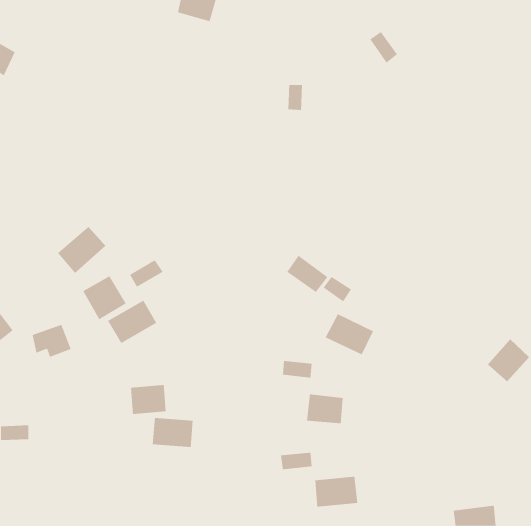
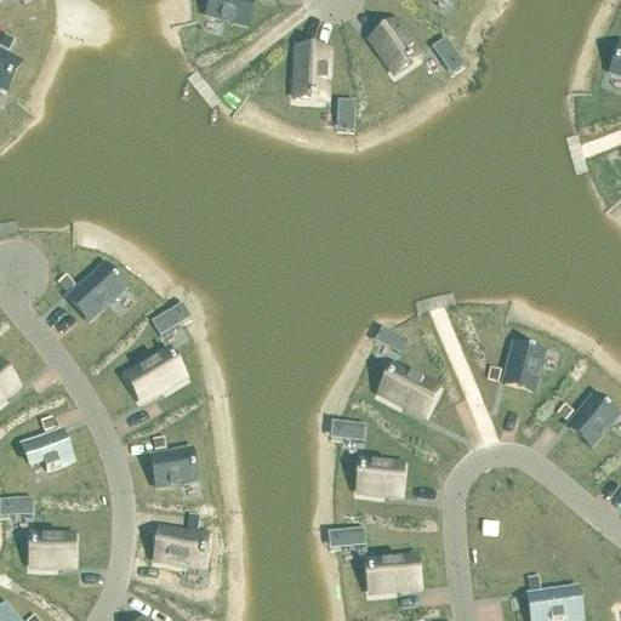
building: none -> [370,22,418,73]
building: none -> [294,49,326,98]
building: [286,255,328,293] -> none
building: [83,275,127,320] -> none
building: none -> [502,343,542,391]
building: [32,324,71,358] -> [24,429,70,468]
building: [152,417,194,448] -> [156,532,205,568]
building: none -> [30,532,72,565]

